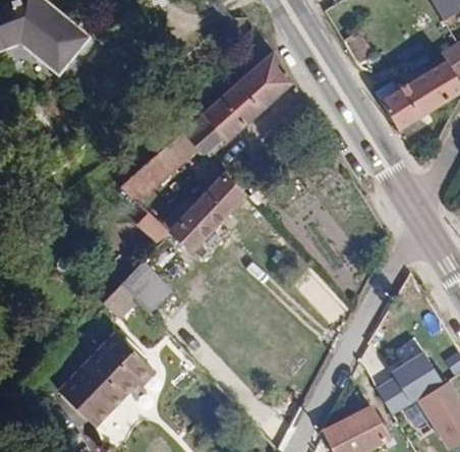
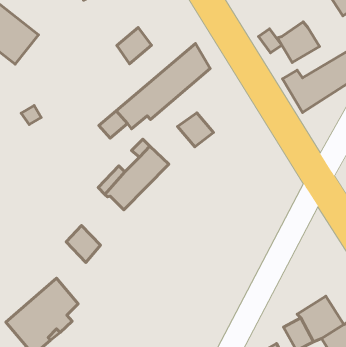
building: none -> [277,22,319,63]
building: none -> [117,28,152,64]
building: none -> [177,113,213,147]
building: [117,149,173,200] -> none

